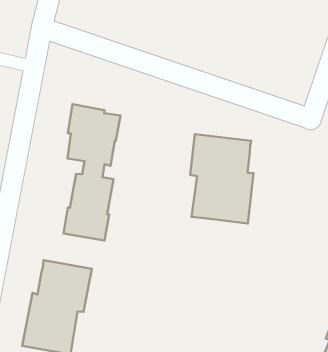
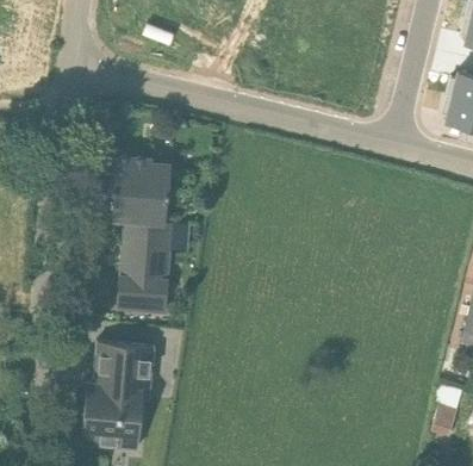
building: [190,134,253,223] -> none

